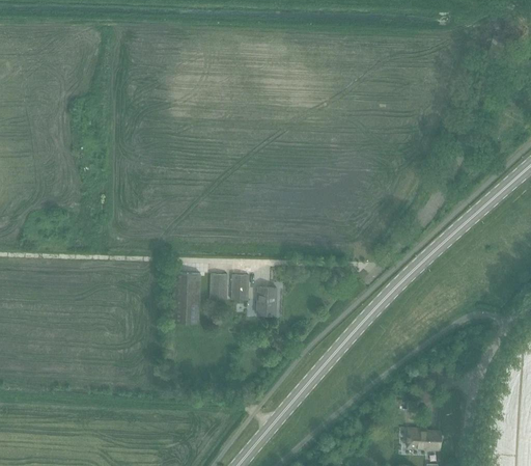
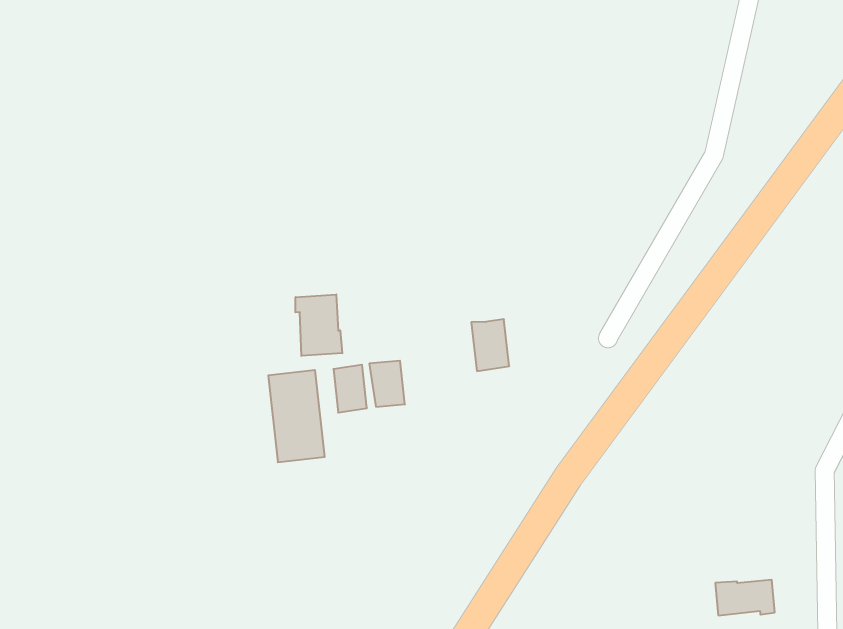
building: none -> [295,294,342,356]
building: [256,286,276,314] -> [471,319,509,371]

